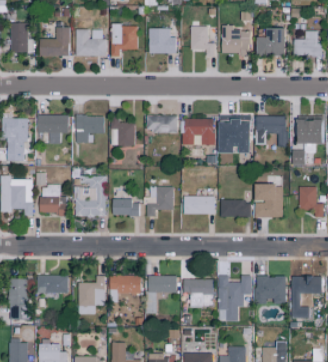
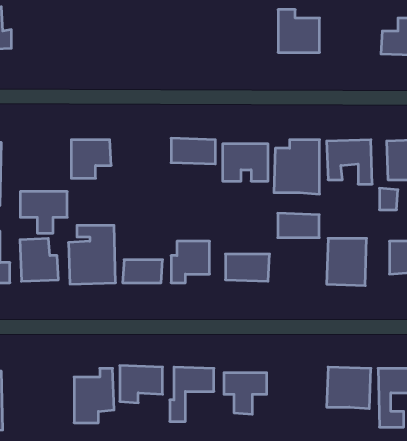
building: [111,25,138,56] -> none
building: [190,26,215,57] -> none
building: [39,27,69,56] -> none
building: [149,28,175,53] -> none
building: [75,29,107,57] -> none
building: [257,29,285,57] -> none
building: [37,115,70,144] -> [20,192,67,233]
building: [110,121,135,146] -> none
building: [221,200,250,217] -> [278,213,319,238]
building: [37,274,67,293] -> none
building: [218,275,251,321] -> none

